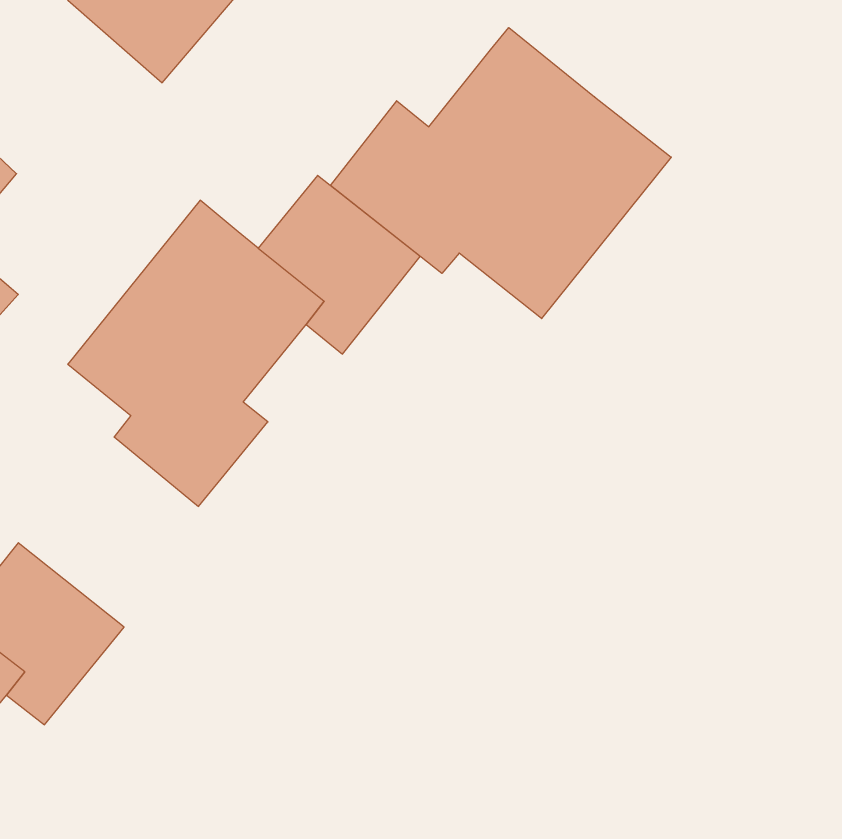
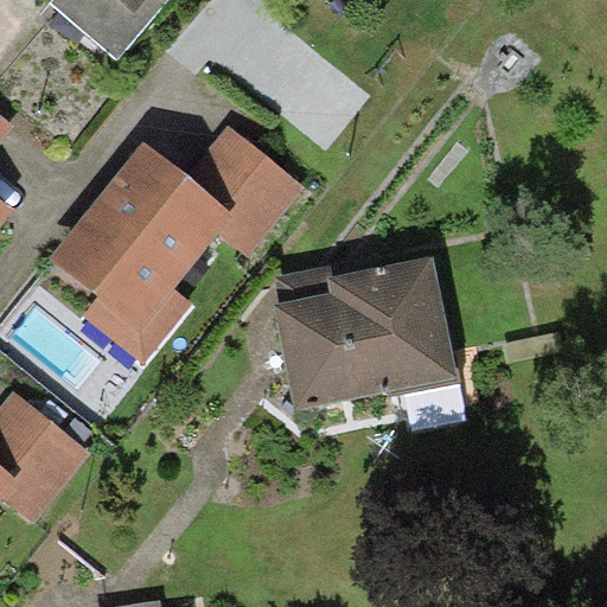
building: [330,28,671,319] -> none
building: none -> [273,256,458,411]

